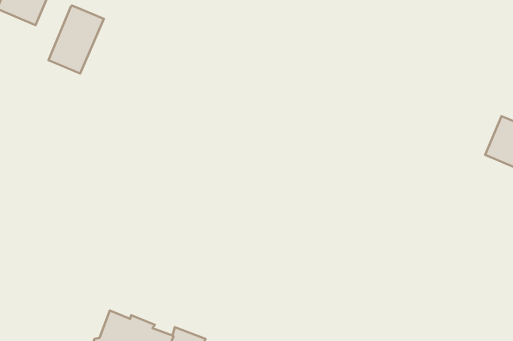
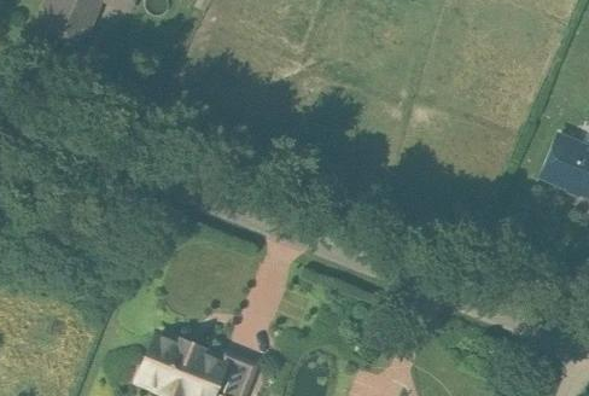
building: [48,6,104,73] -> none

